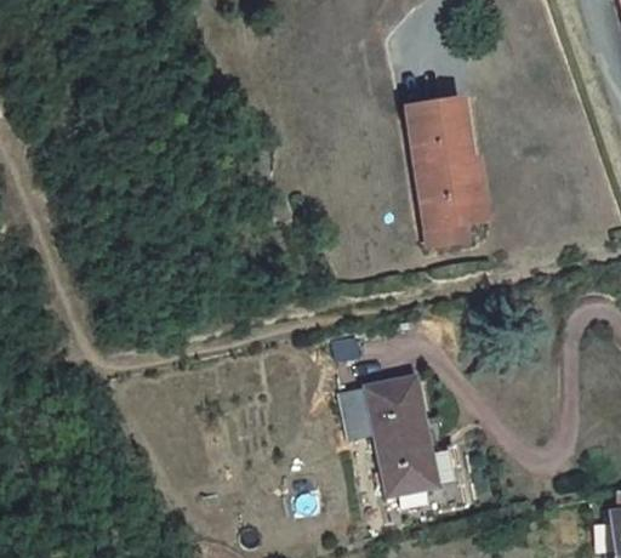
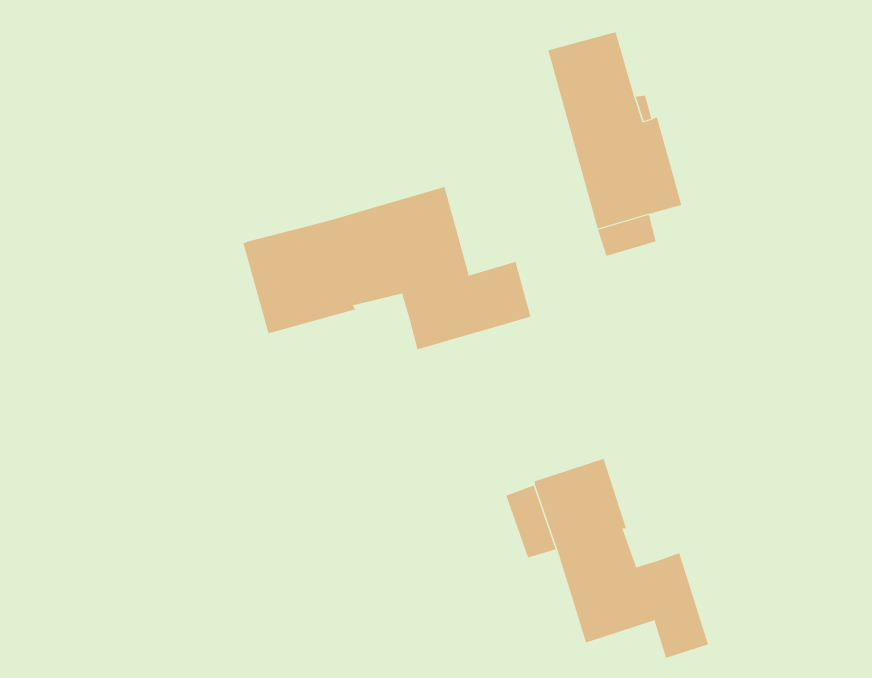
building: none -> [243,186,531,350]

